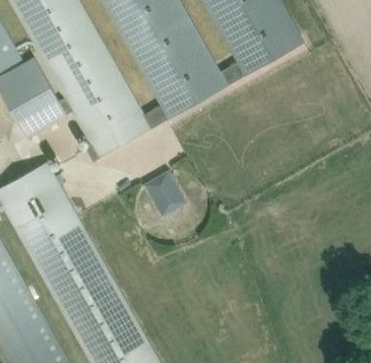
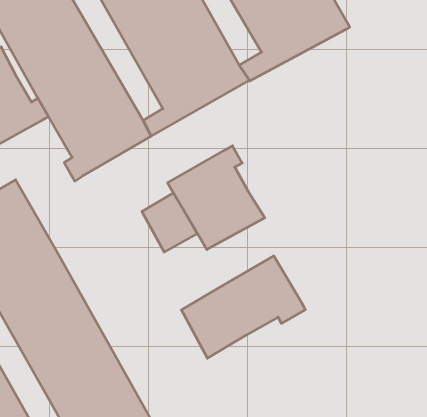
building: none -> [168,146,265,250]
building: none -> [181,256,305,358]

